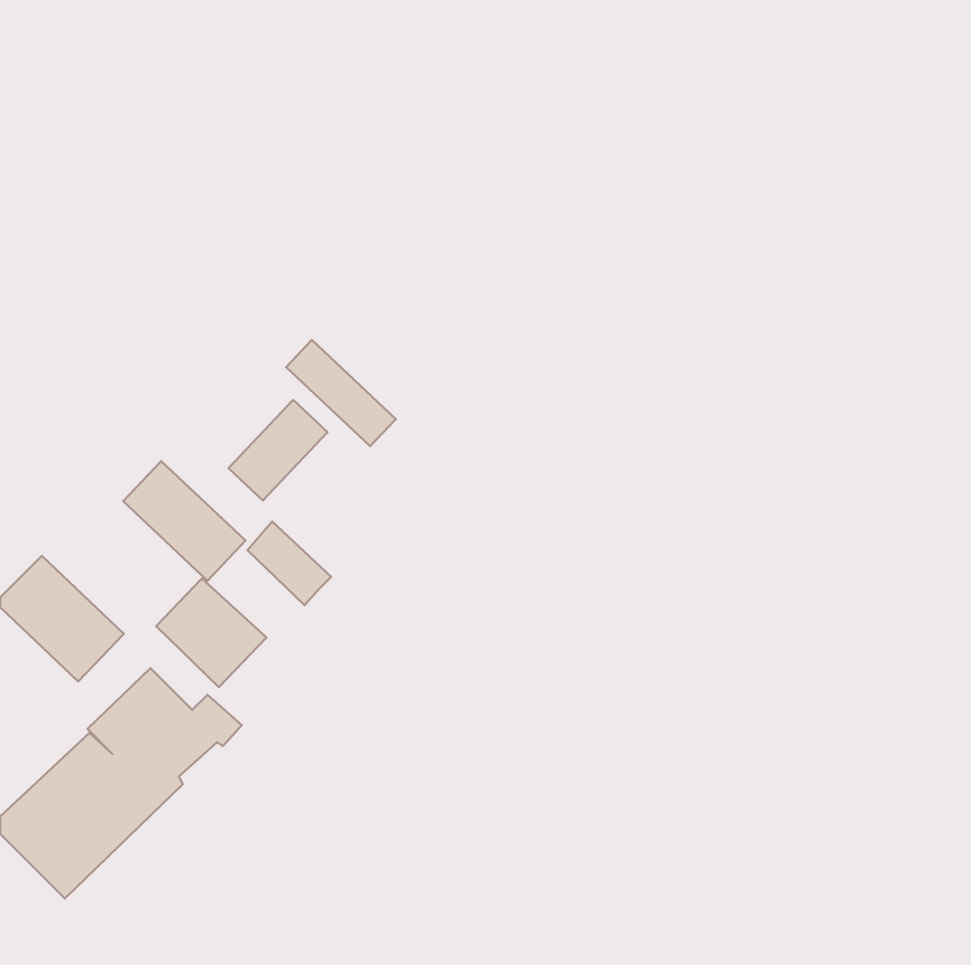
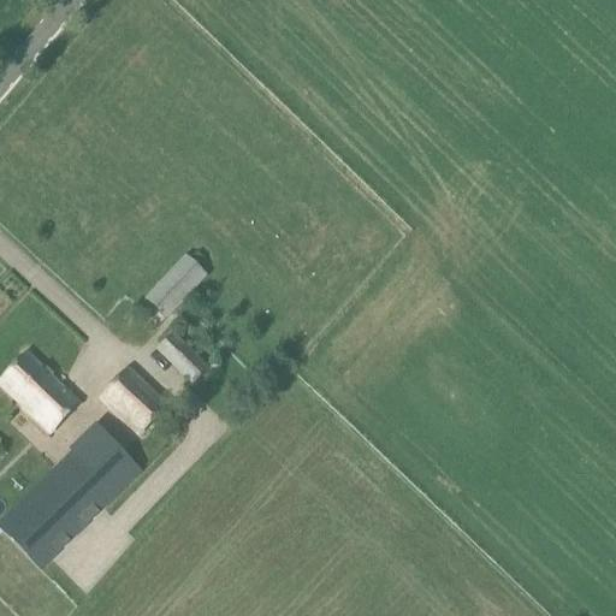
building: [286,340,396,446] -> none
building: [123,461,246,581] -> none

